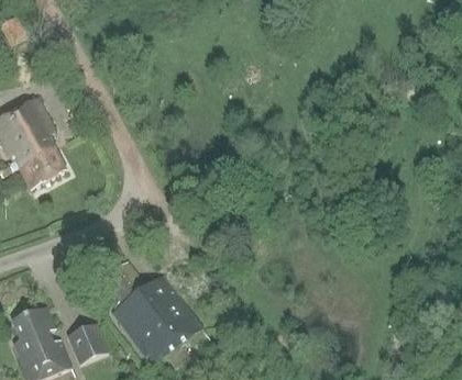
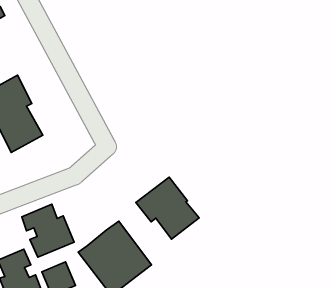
building: none -> [136,177,199,239]
building: none -> [22,204,74,257]

